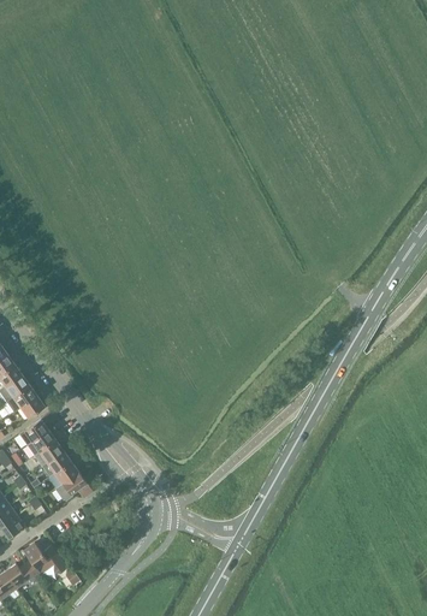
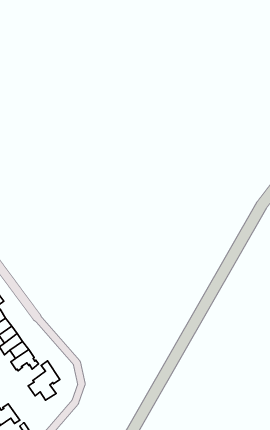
building: none -> [28,361,60,400]

